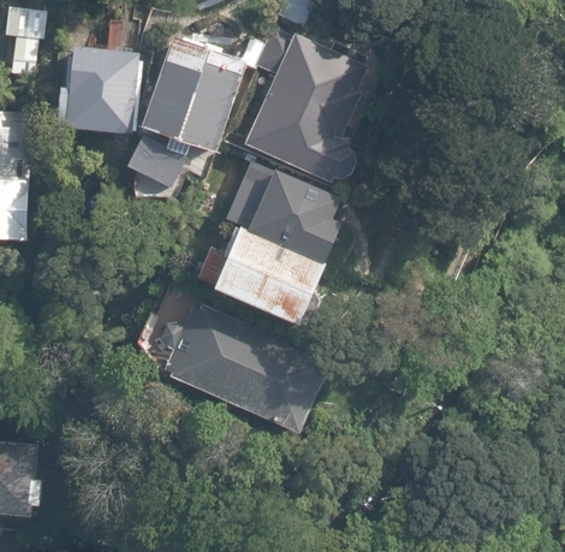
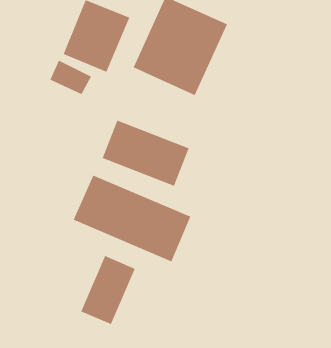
building: [60,55,138,138] -> none
building: [233,164,352,253] -> none
building: none -> [81,255,136,325]

